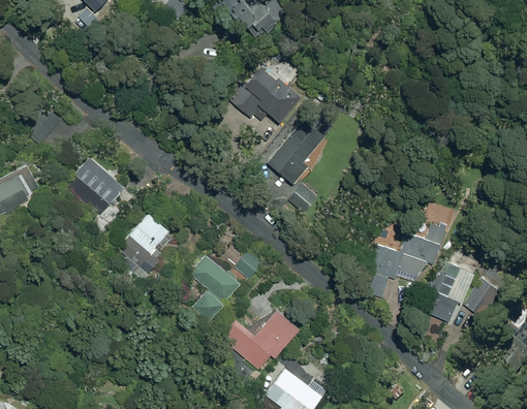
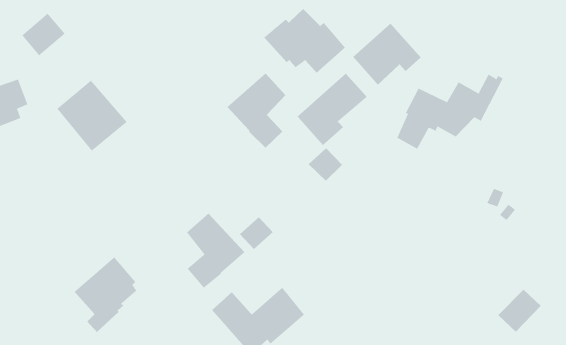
building: none -> [353,23,422,86]
building: none -> [226,73,286,148]
building: [118,212,172,279] -> [74,257,137,333]
building: [362,224,445,297] -> [396,74,503,150]
building: [420,265,473,322] -> none

